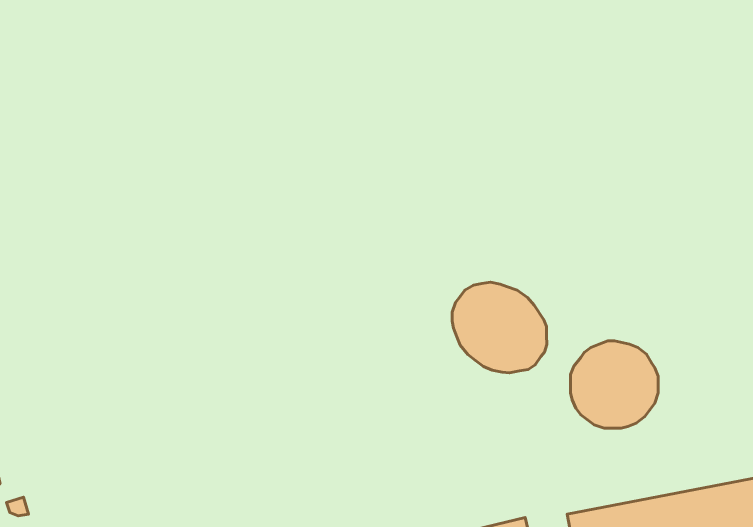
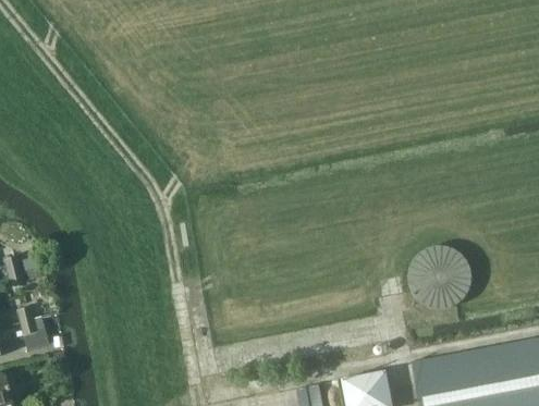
building: [452,282,547,373] -> none

